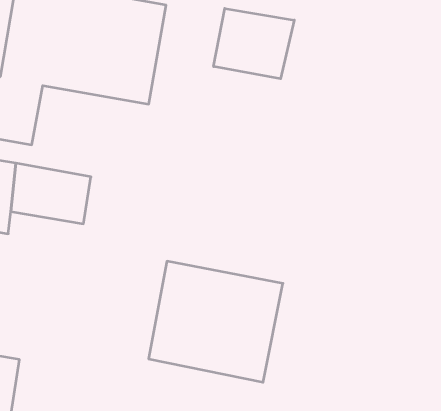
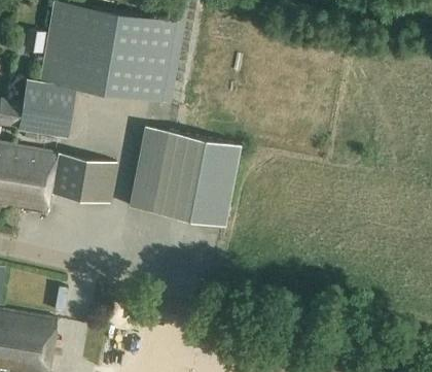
building: [214,8,294,79] -> none
building: [149,261,283,382] -> [130,125,242,226]

